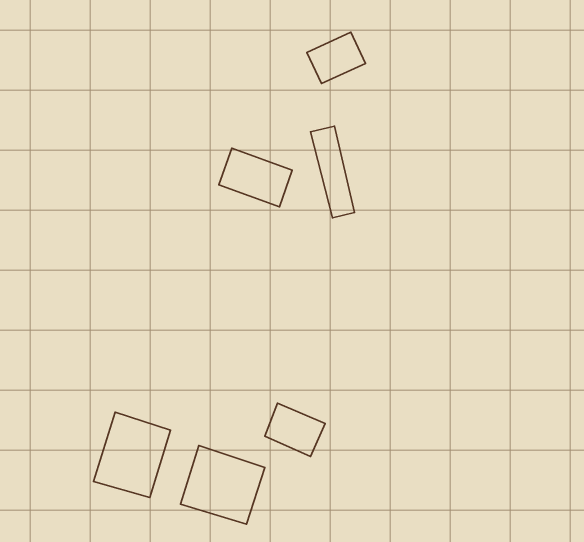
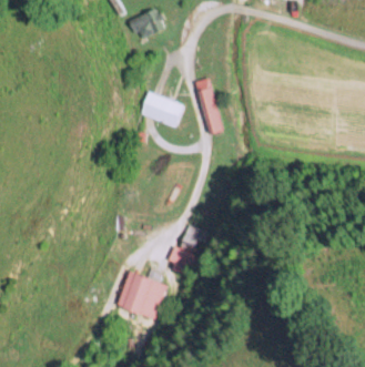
building: [307,32,365,84] -> [130,7,165,38]
building: [94,412,170,497] -> none

